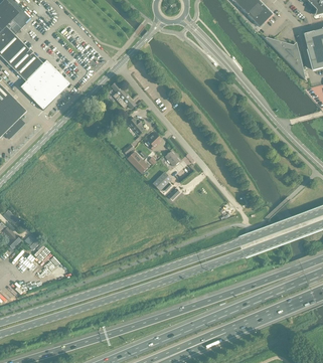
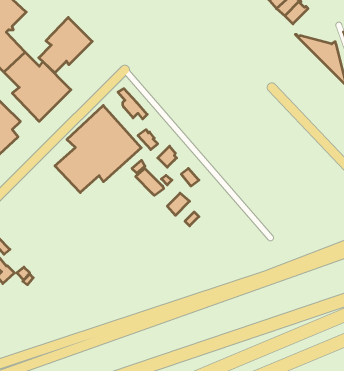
building: none -> [39,17,92,73]
building: none -> [55,105,141,193]

